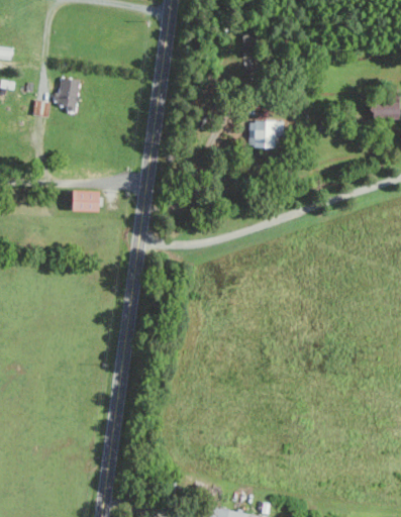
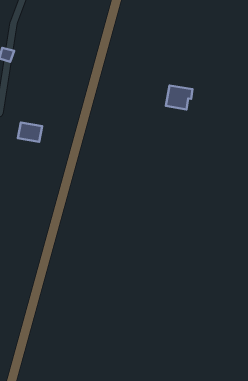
building: [57,78,81,112] -> none

